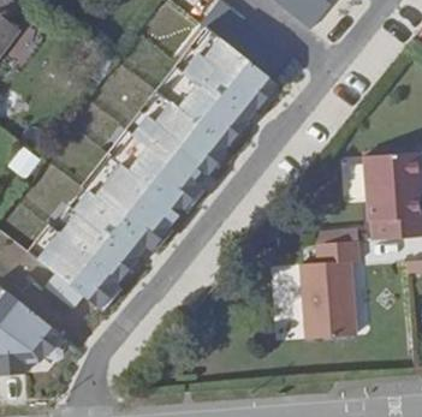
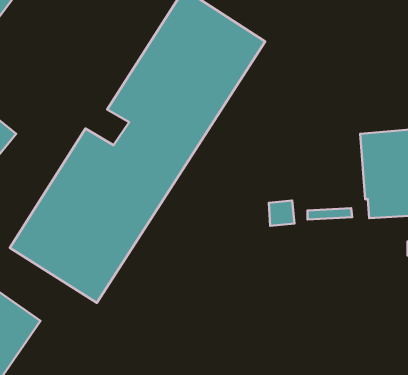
building: [301,239,358,338] -> none

